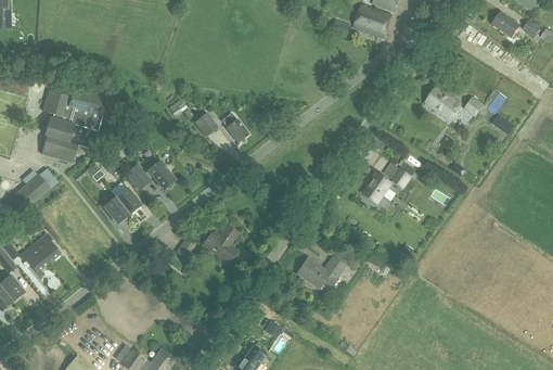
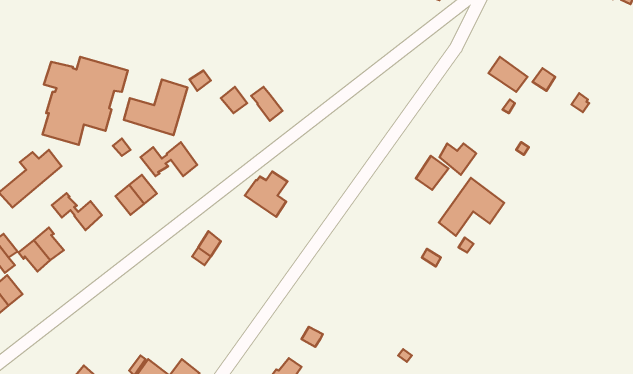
building: none -> [124,79,187,135]
building: none -> [439,178,504,236]
building: none -> [52,193,102,230]
building: [201,225,237,264] -> [245,172,287,217]
building: [295,254,346,290] -> none

